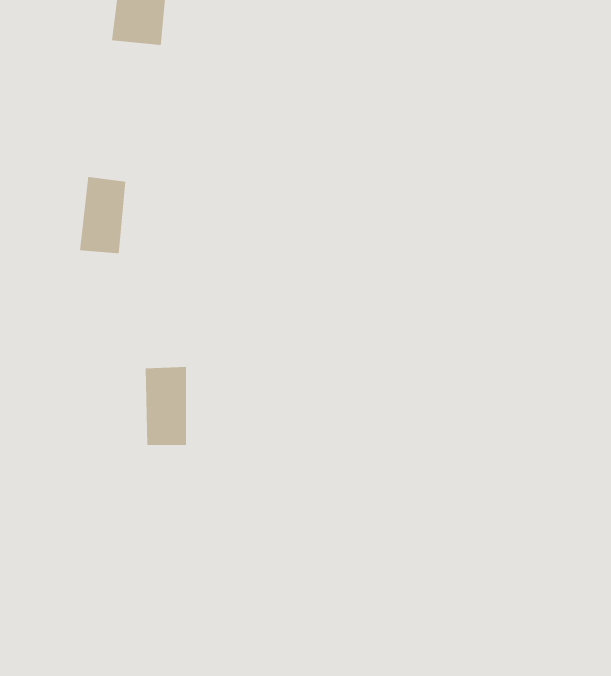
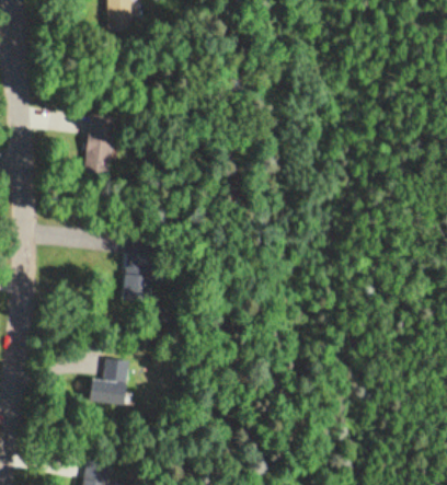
building: none -> [94,362,127,406]

